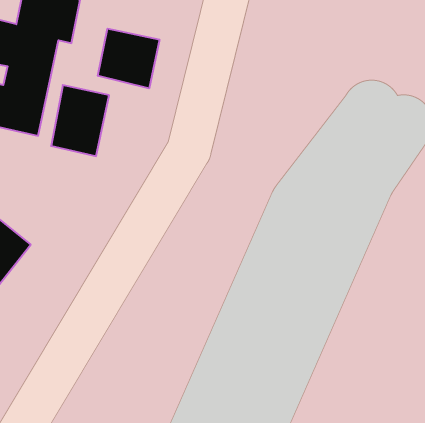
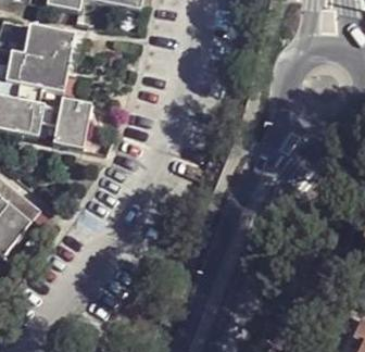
building: [98,29,159,88] -> none

